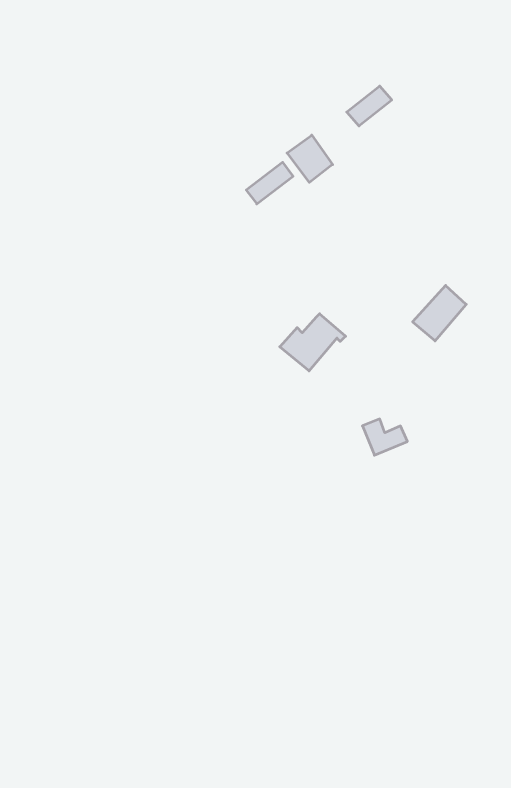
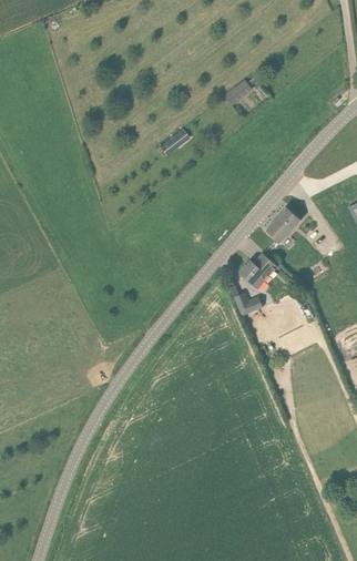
building: [287,135,333,182] -> none
building: [280,314,346,371] -> [241,249,283,286]

